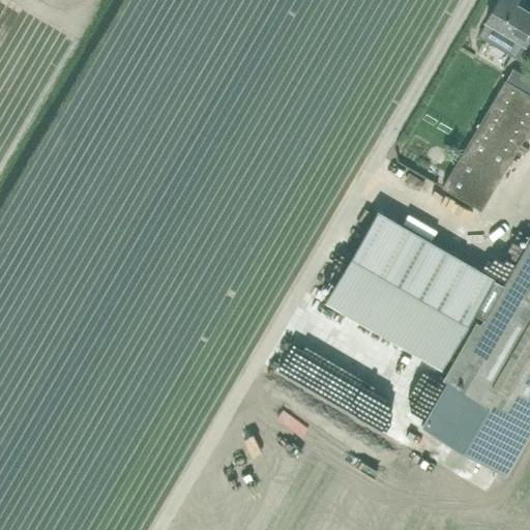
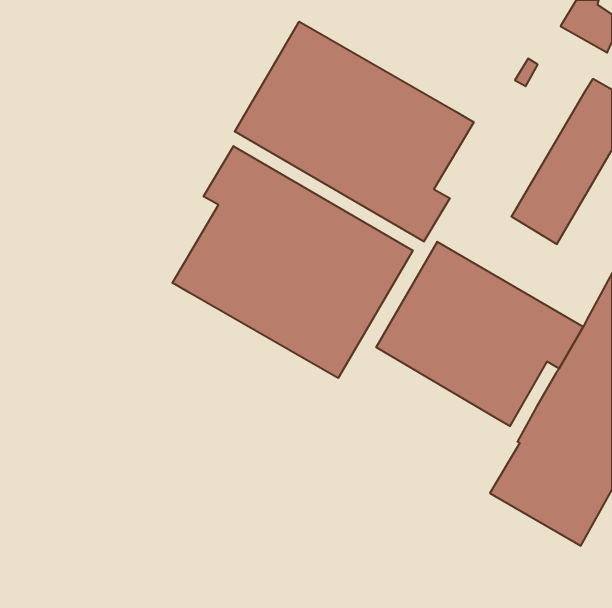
building: none -> [235,22,474,242]
building: none -> [172,146,413,378]

